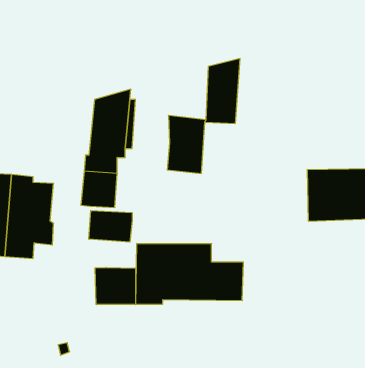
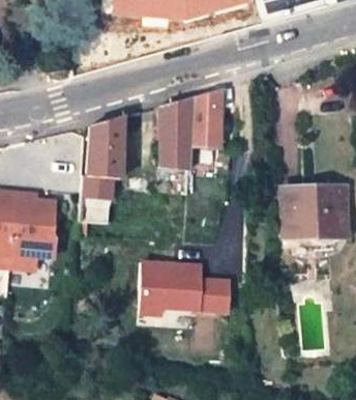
building: none -> [157,95,195,144]
building: [89,211,132,242] -> none
building: [95,267,136,305] -> none

